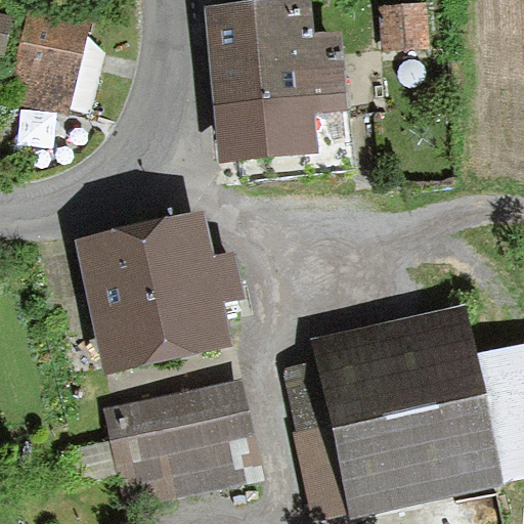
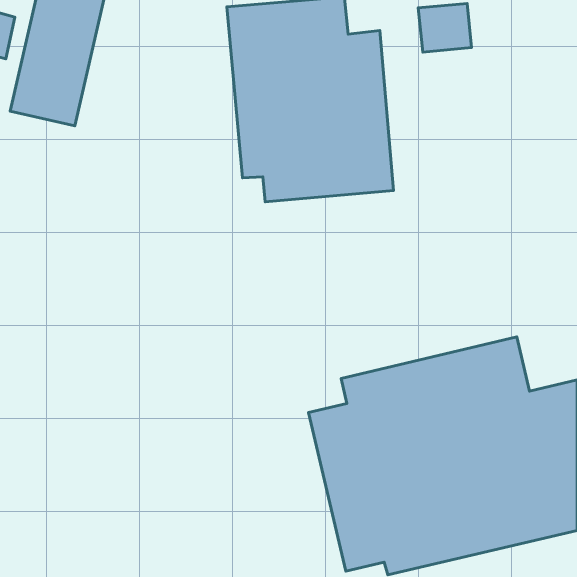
building: [77,210,244,373] -> none
building: [101,378,262,510] -> none

